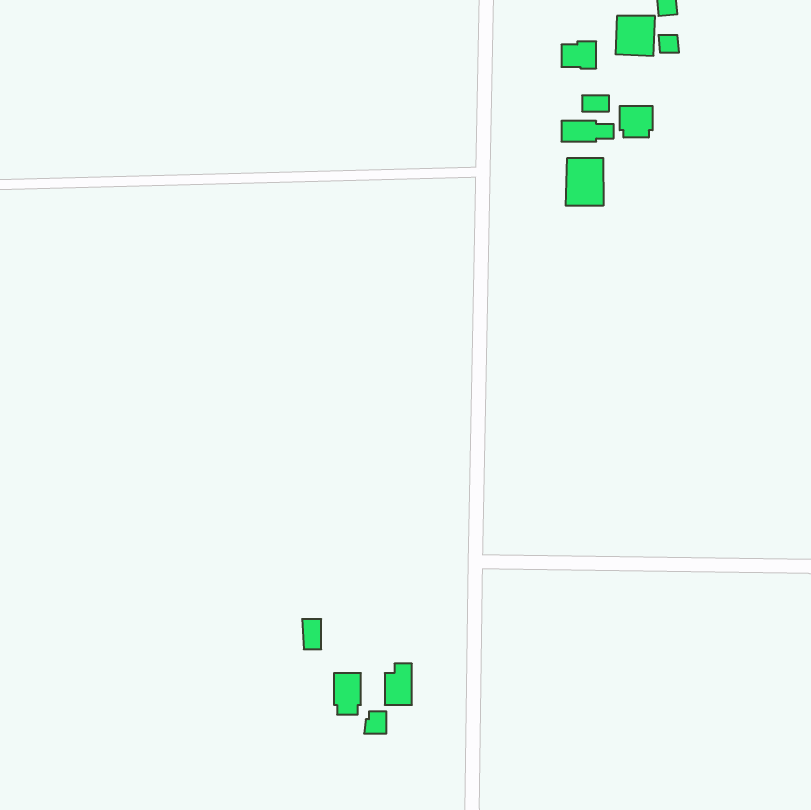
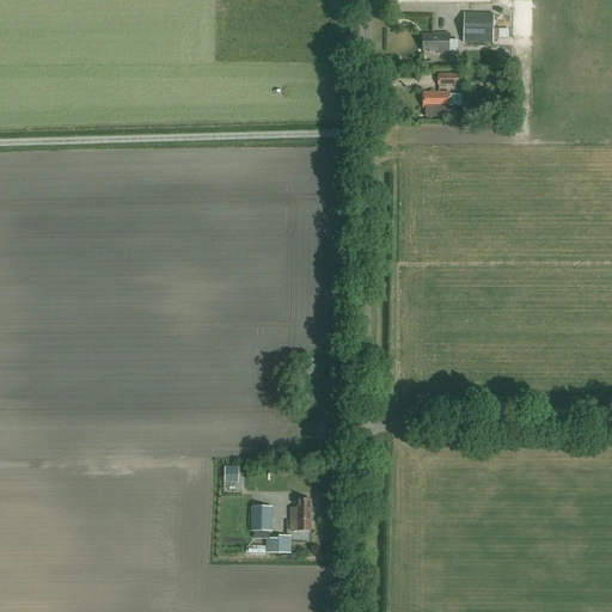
building: [620,106,653,138] -> none
building: [566,158,603,206] -> none

